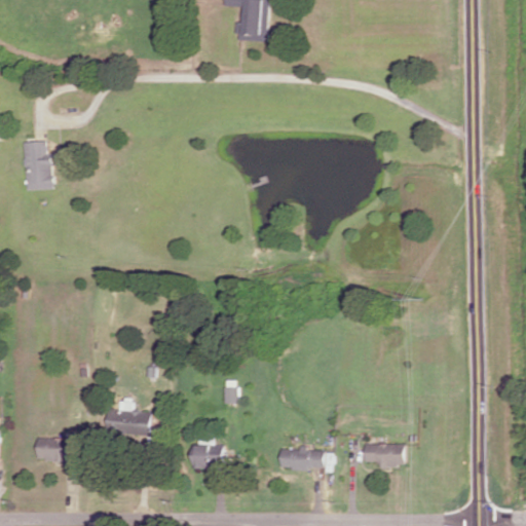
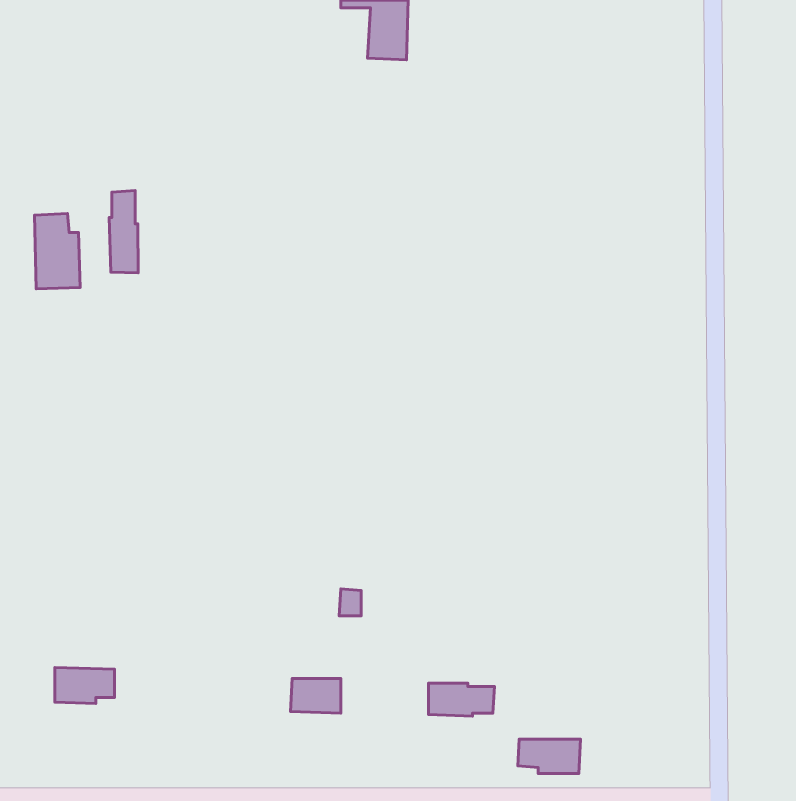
building: none -> [109,191,138,273]
building: [105,402,150,436] -> none
building: [363,444,404,466] -> [518,739,581,774]

